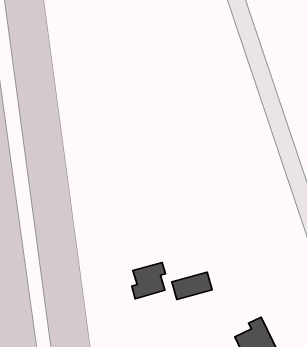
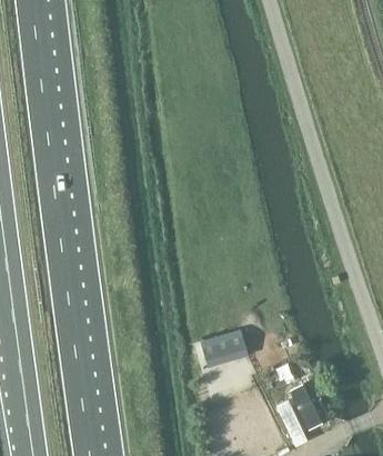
building: [132,262,165,299] -> none

